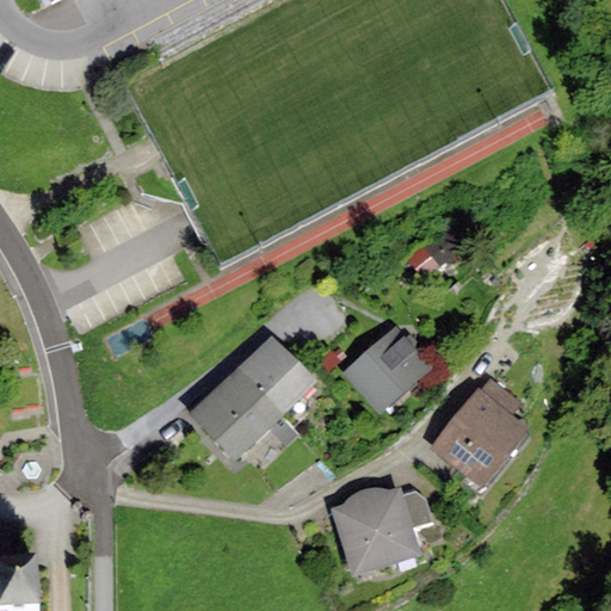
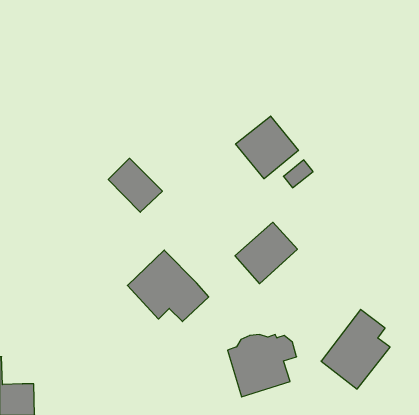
building: none -> [236,116,298,179]
building: [239,333,317,412] -> [108,158,162,212]
building: [428,374,529,489] -> [321,309,390,389]

